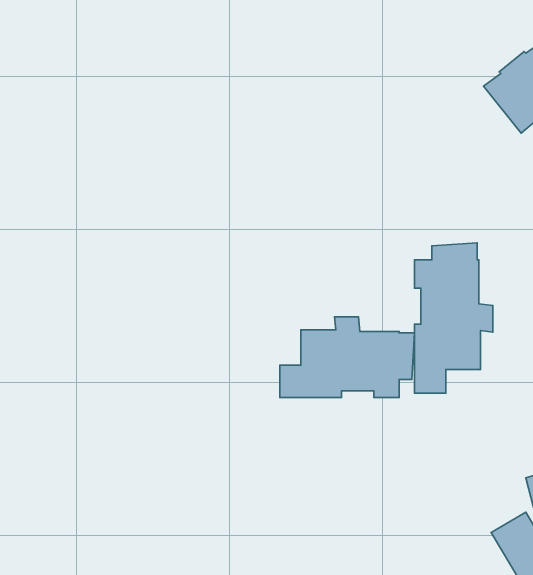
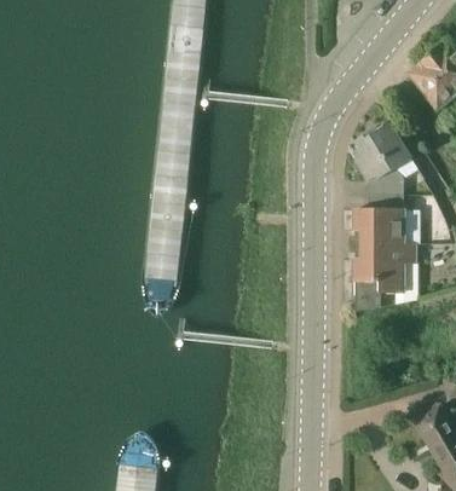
building: none -> [357,122,412,197]
building: [280,317,415,397] -> none

